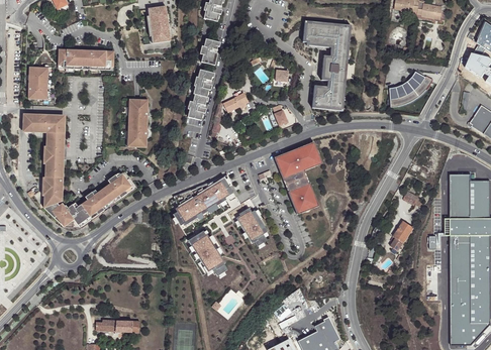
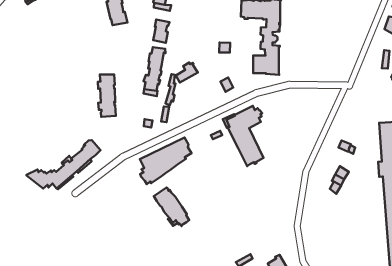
building: [61,48,116,69] -> none
building: [27,67,46,99] -> none
building: [389,73,432,108] -> none
building: [23,113,64,207] -> none
building: [235,208,267,247] -> none

